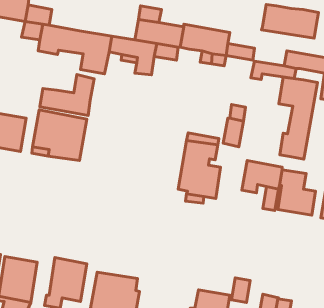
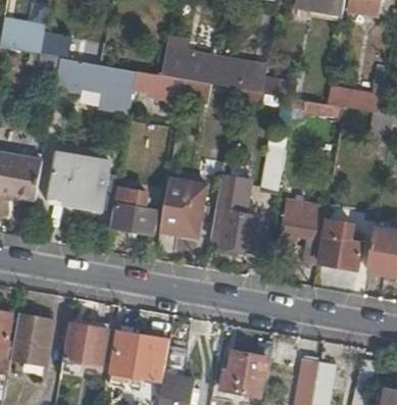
building: [262,4,319,38] -> none
building: [40,75,94,116] -> none
building: [279,77,318,159] -> none
building: none -> [159,181,205,236]
building: none -> [111,188,155,233]

